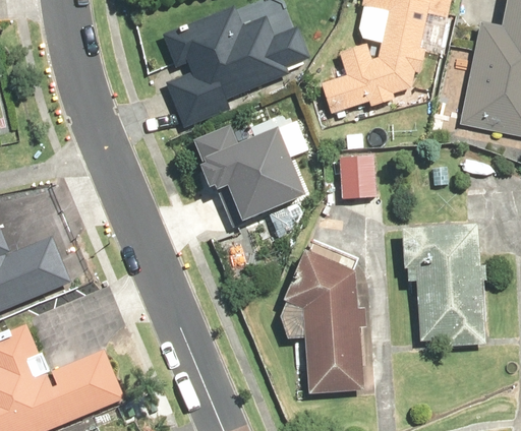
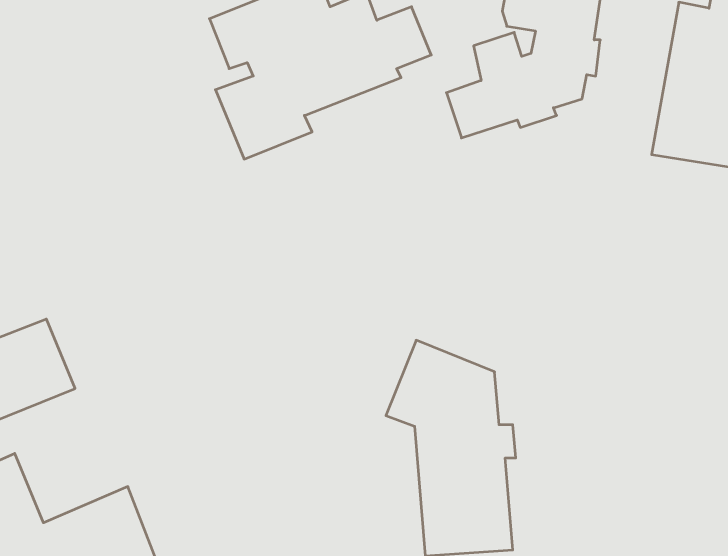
building: [192,119,310,221] -> none
building: [340,155,378,198] -> none
building: [399,223,485,346] -> none

